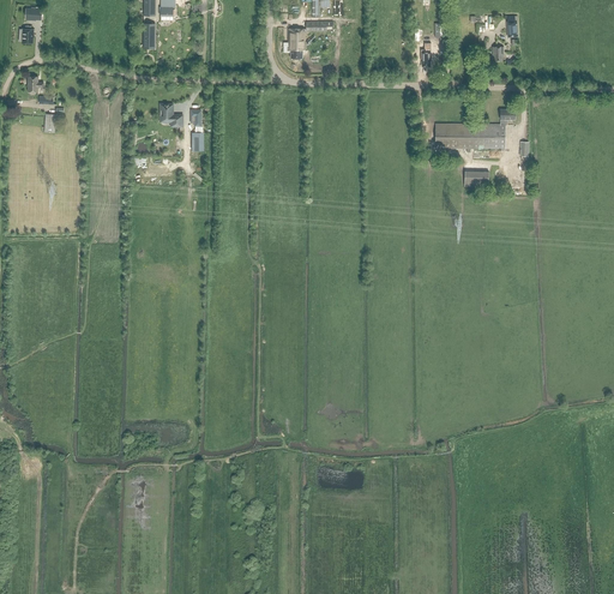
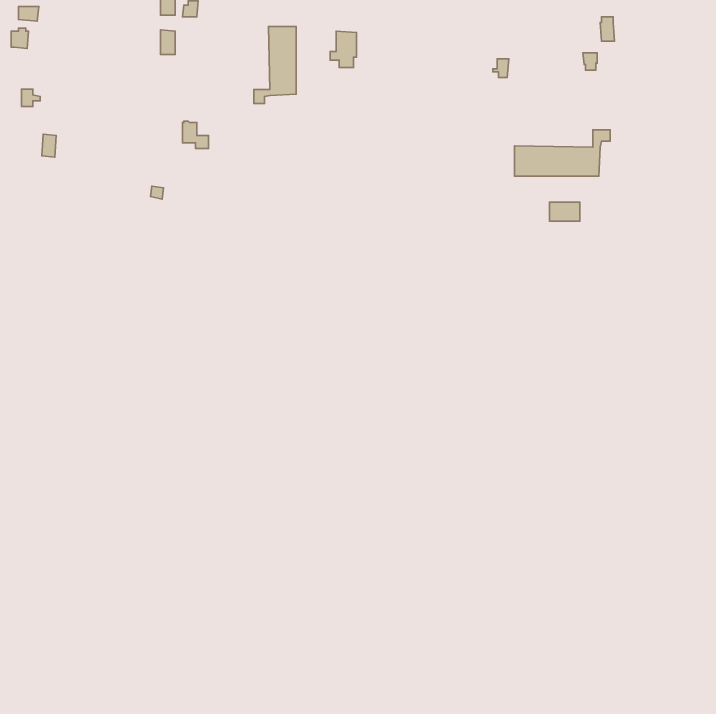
building: none -> [254,27,296,104]

